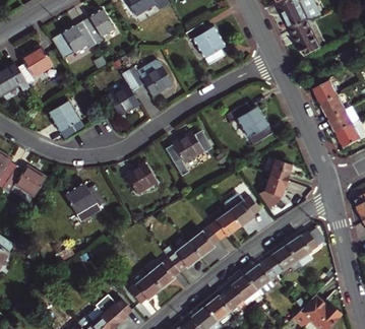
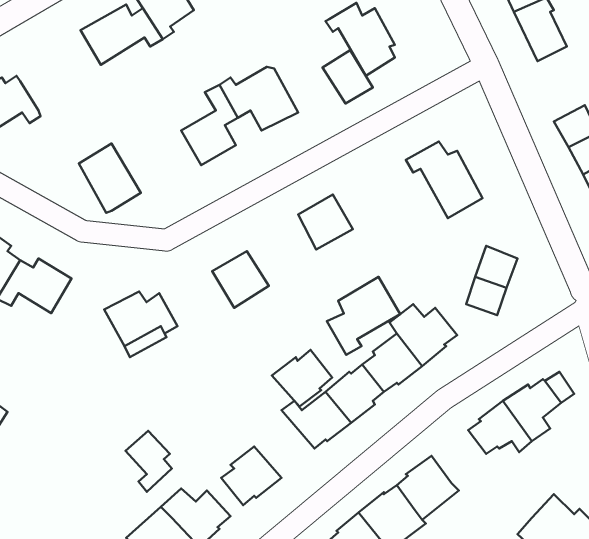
building: [16,46,51,83] -> none
building: none -> [323,50,373,103]
building: none -> [327,277,400,355]
building: [146,256,180,287] -> [272,350,332,407]
building: [245,261,276,290] -> none
building: none -> [125,431,172,492]

